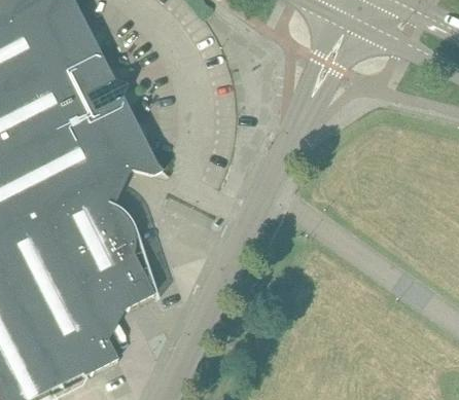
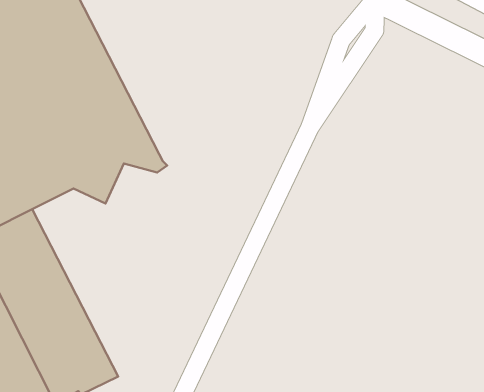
building: [39,188,152,317] -> none

